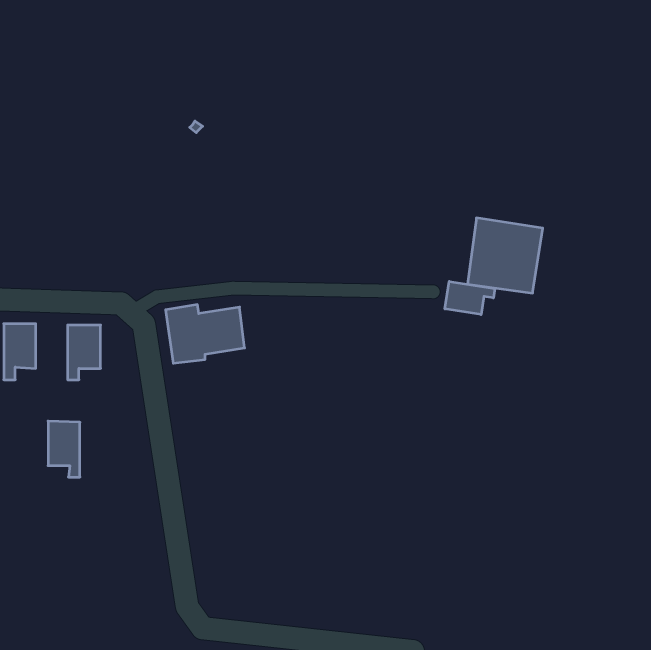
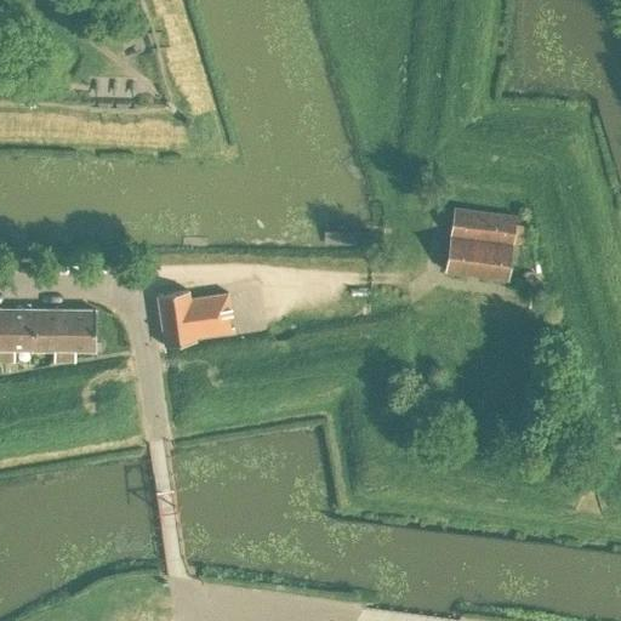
building: [445,281,495,315] -> none
building: [48,421,80,477] -> [34,309,64,363]

